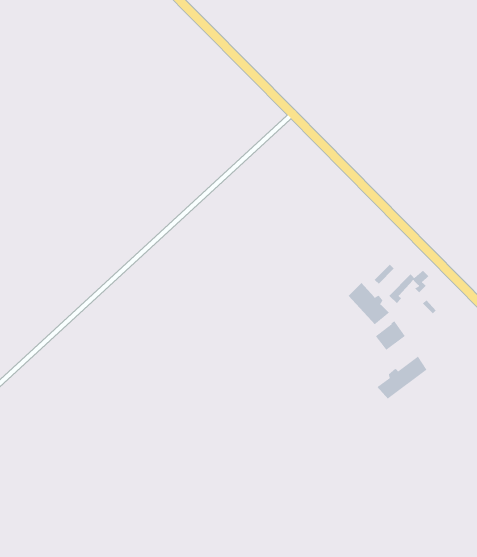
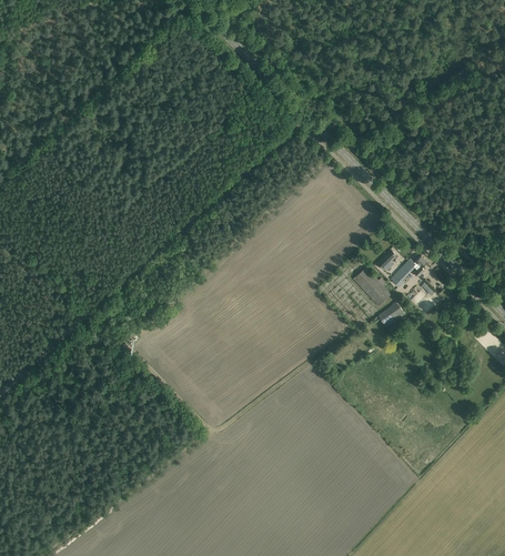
building: [377,356,428,400] -> none

